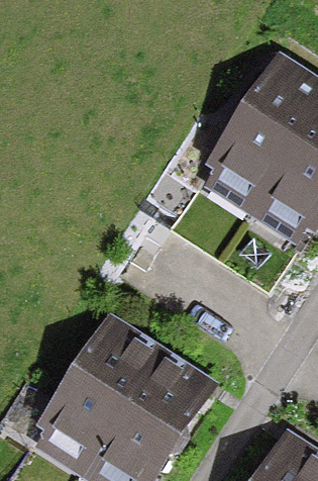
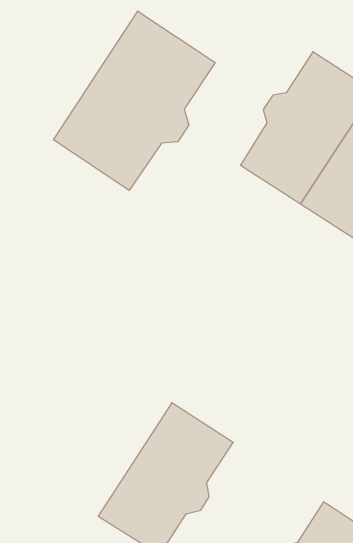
building: none -> [54,11,215,190]
building: [40,328,152,457] -> none

